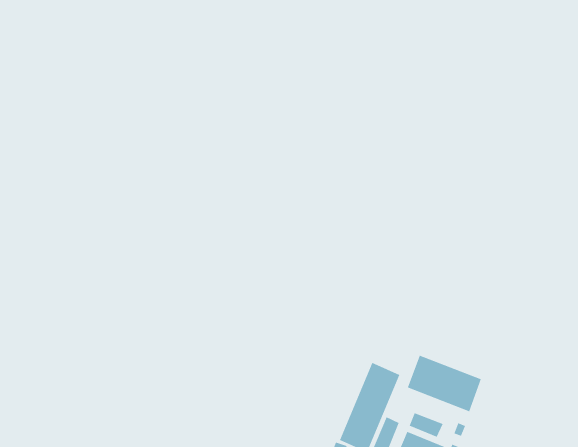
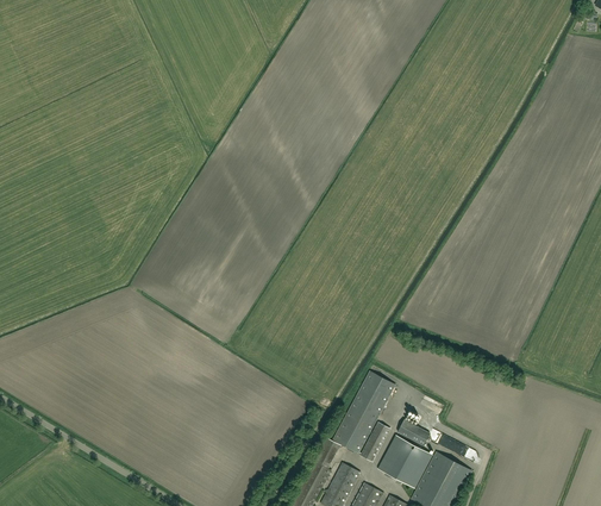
building: [407,355,482,412] -> none

